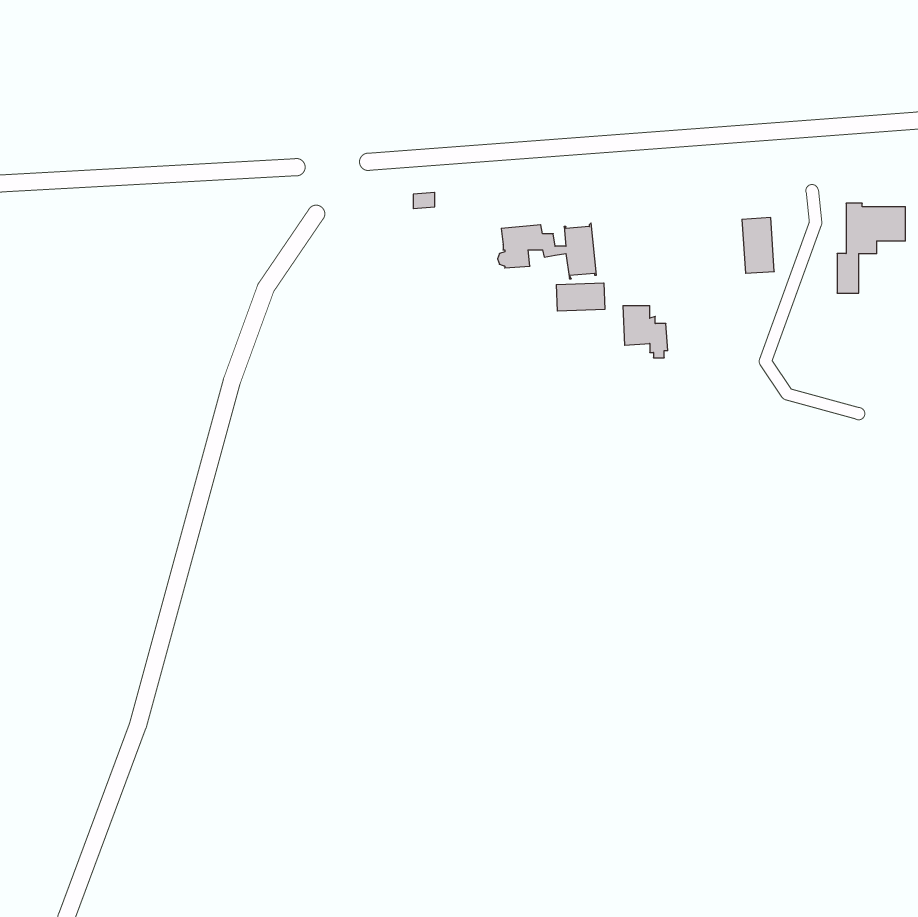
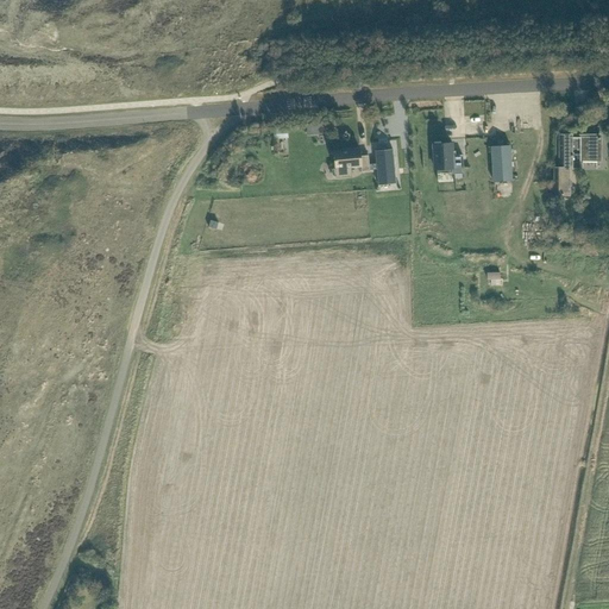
building: [556,283,605,311] -> none
building: [623,306,668,358] -> [434,143,464,177]

